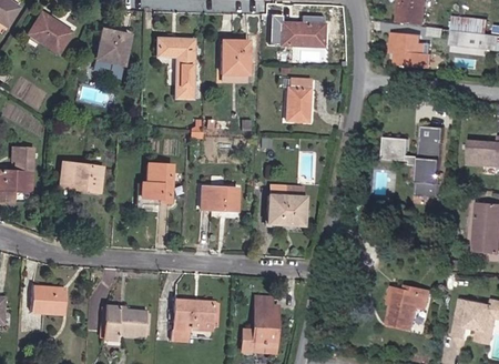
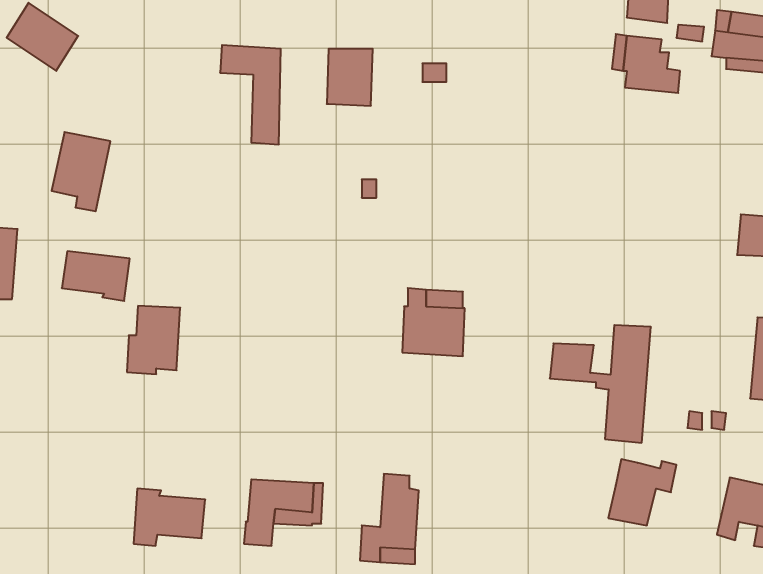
building: [279,22,323,46] -> none
building: [93,29,129,77] -> [52,132,110,211]
building: [285,79,308,121] -> none
building: [384,125,445,196] -> [550,325,651,443]
building: [139,163,171,204] -> [127,306,180,374]
building: [198,186,236,211] -> none
building: [30,285,64,313] -> none

